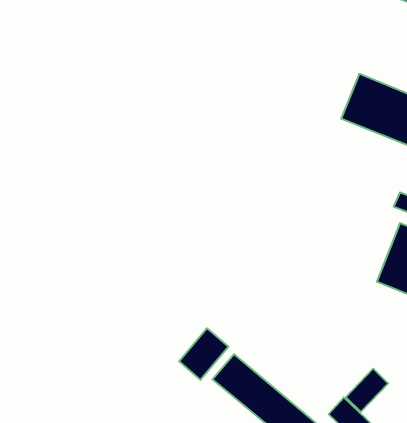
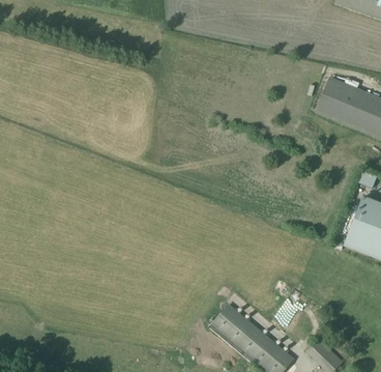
building: [179,328,228,380] -> none
building: [346,369,388,412] -> none

